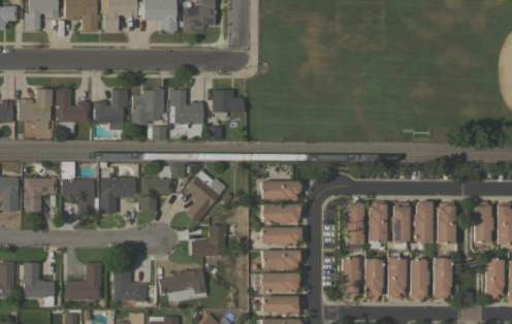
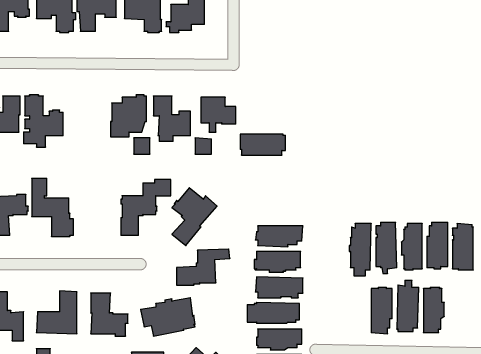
building: [93,89,127,130] -> none
building: [100,162,135,214] -> none
building: [260,181,300,199] -> [240,134,285,155]
building: [341,257,359,298] -> none
building: [433,258,451,298] -> none

